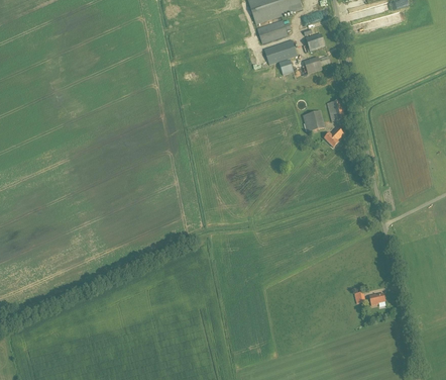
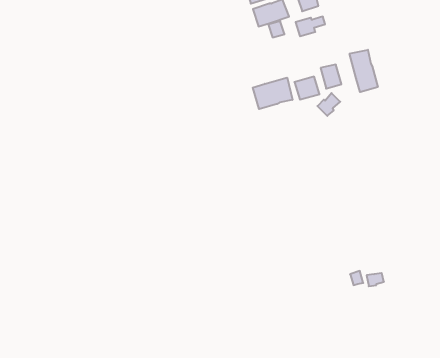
building: none -> [350,50,378,92]
building: none -> [253,78,292,109]

